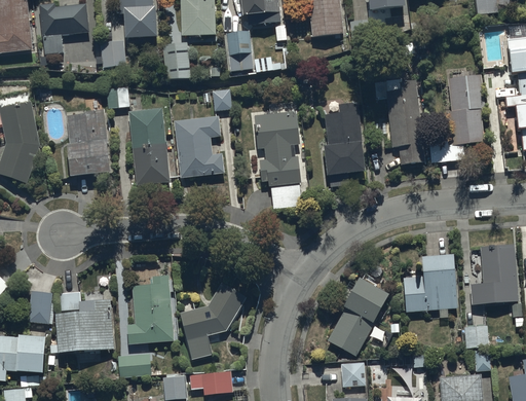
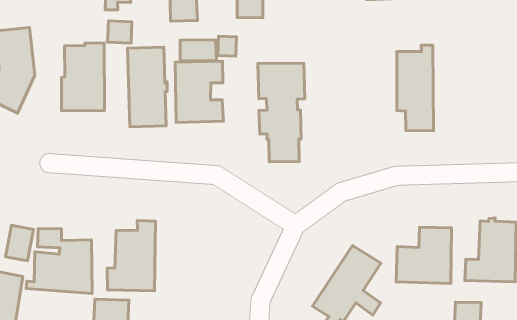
building: [436,73,485,160] -> none
building: none -> [180,40,216,61]
building: [323,103,366,185] -> none
building: [180,282,247,359] -> none

